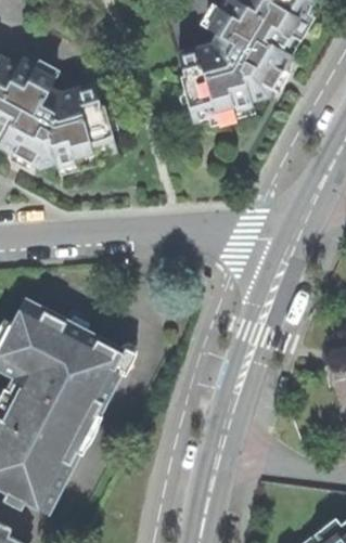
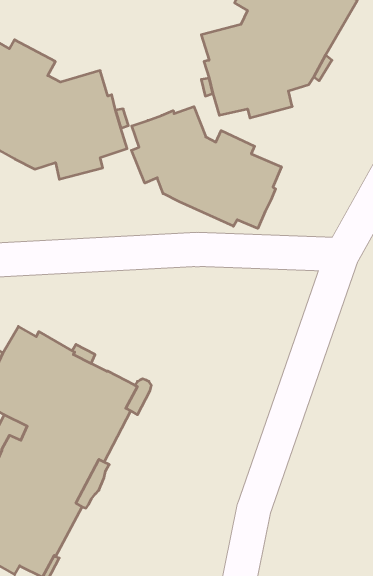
building: none -> [131,107,281,228]

